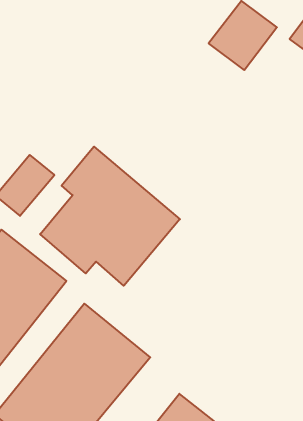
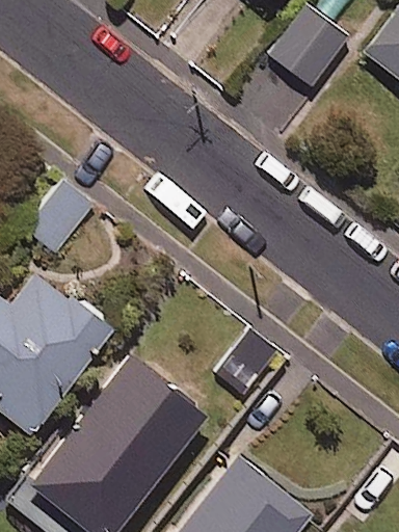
building: [40,147,180,286] -> none

